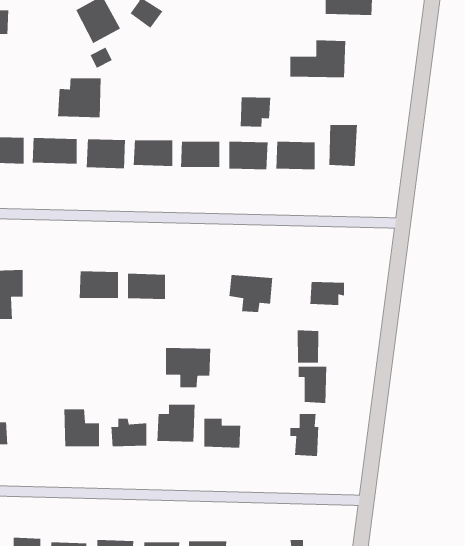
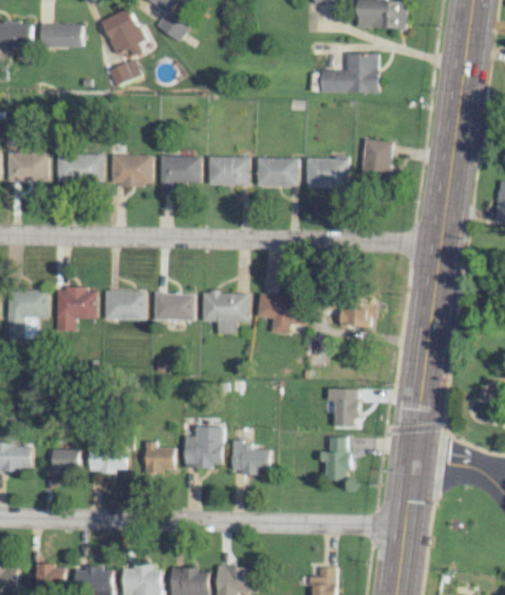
building: none -> [40,23,82,47]
building: [57,77,101,118] -> none
building: [240,96,271,127] -> none
building: none -> [56,287,98,331]
building: [297,330,319,363] -> none
building: [165,347,211,388] -> [202,291,249,333]
building: none -> [51,448,80,474]

